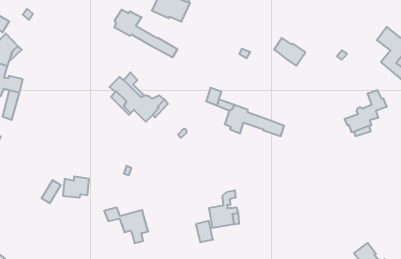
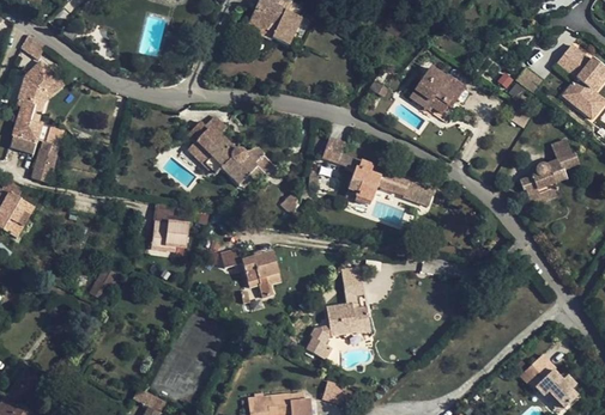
building: [114,10,177,57] -> none
building: none -> [409,83,453,121]
building: [63,176,89,198] -> [151,220,188,250]
building: [104,208,148,243] -> [219,246,282,297]

